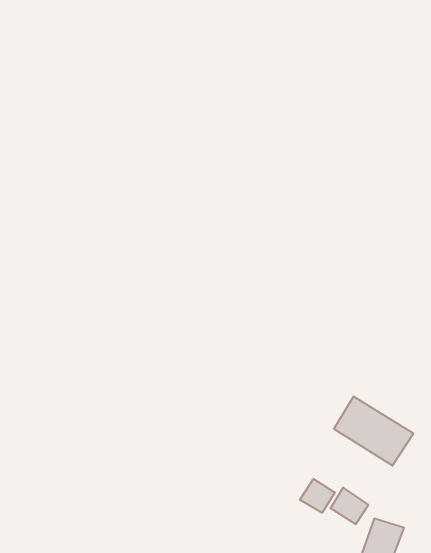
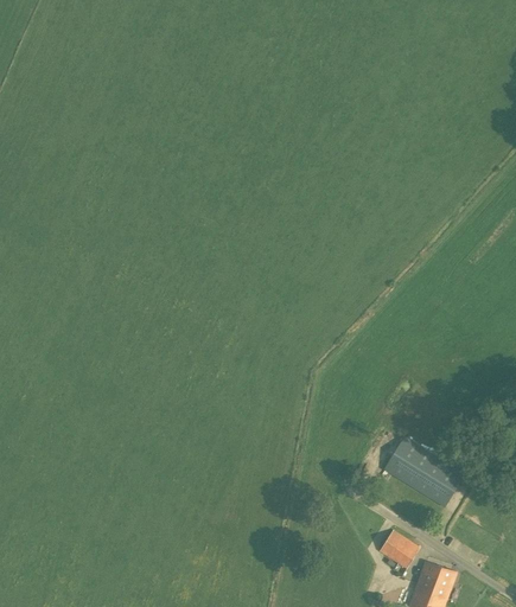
building: [300,479,335,513] -> none

